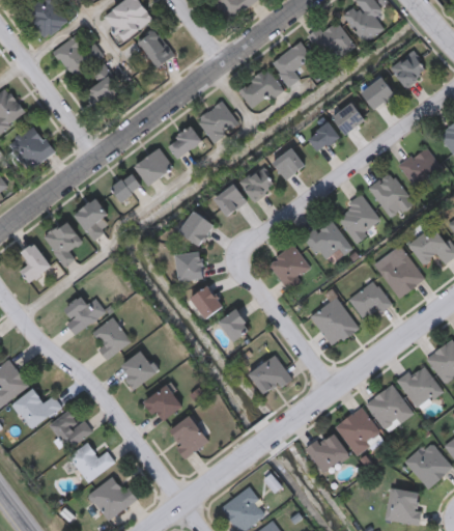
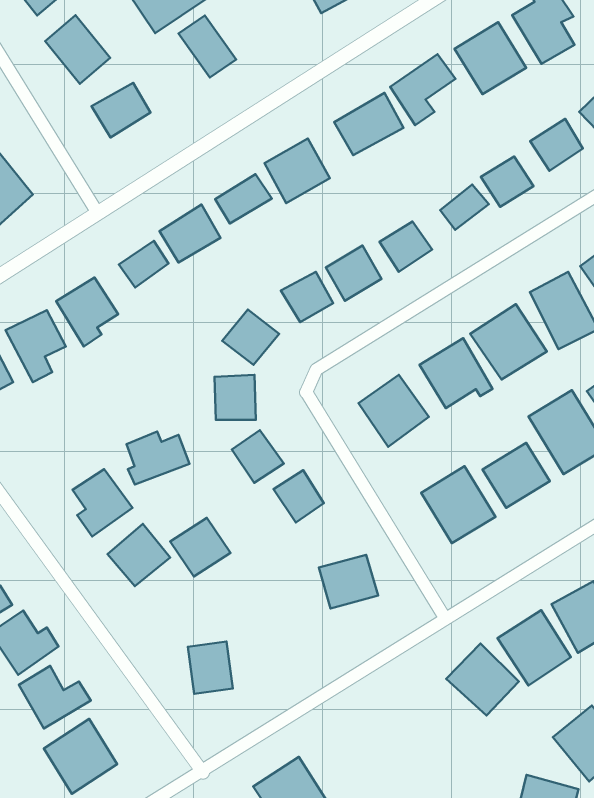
building: [64,297,105,331] -> [126,432,190,485]
building: [144,385,182,422] -> [170,518,231,577]
building: [306,429,349,473] -> none

